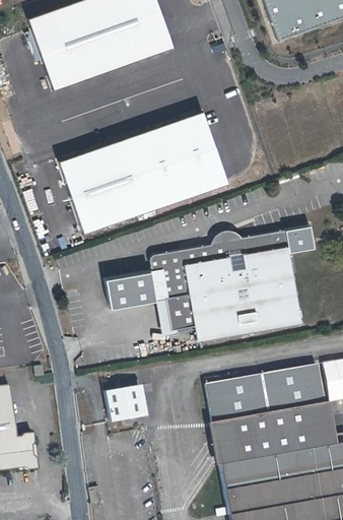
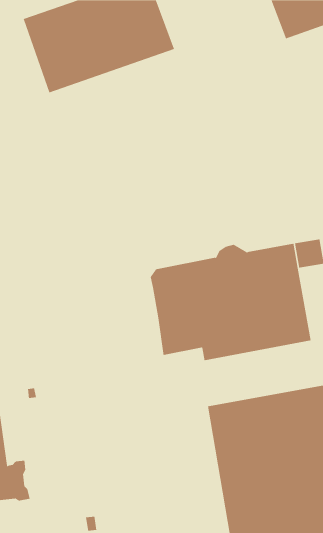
building: [61,112,230,234] -> none
building: [105,271,157,308] -> none
building: [102,388,144,424] -> none

